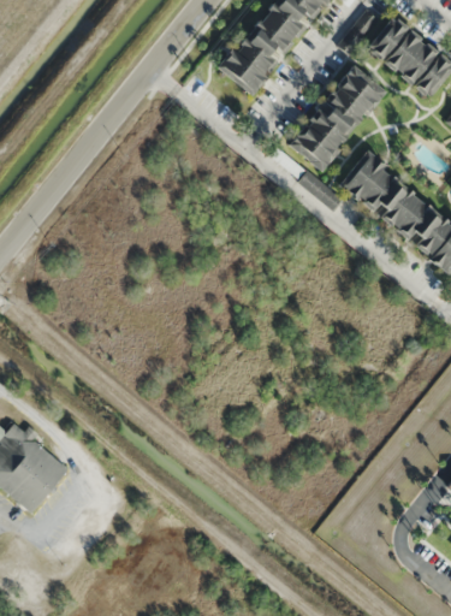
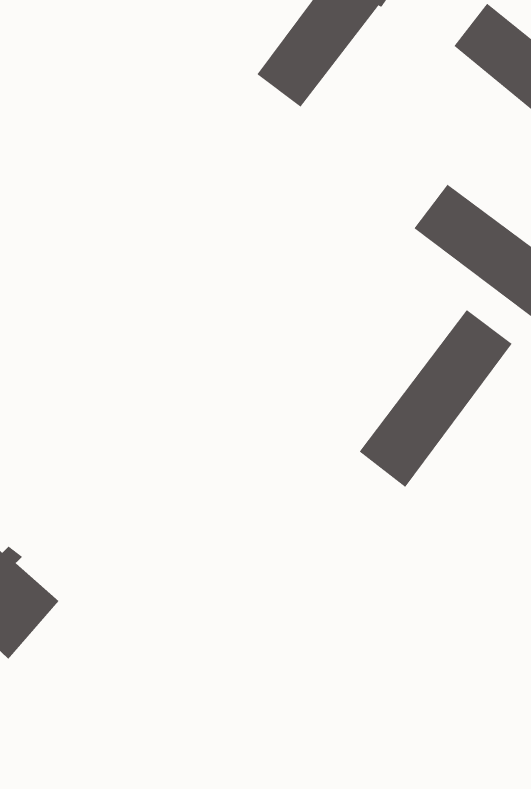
building: [289,64,387,171] -> none
building: none -> [359,309,513,488]

